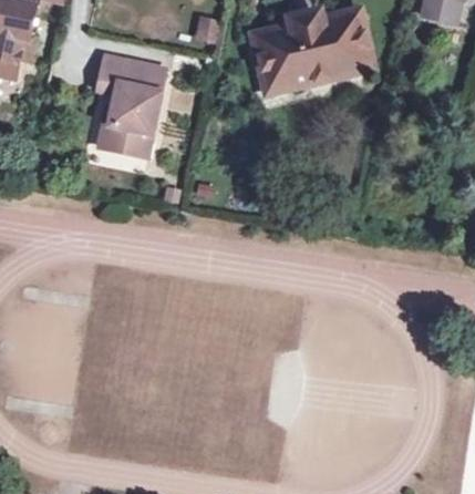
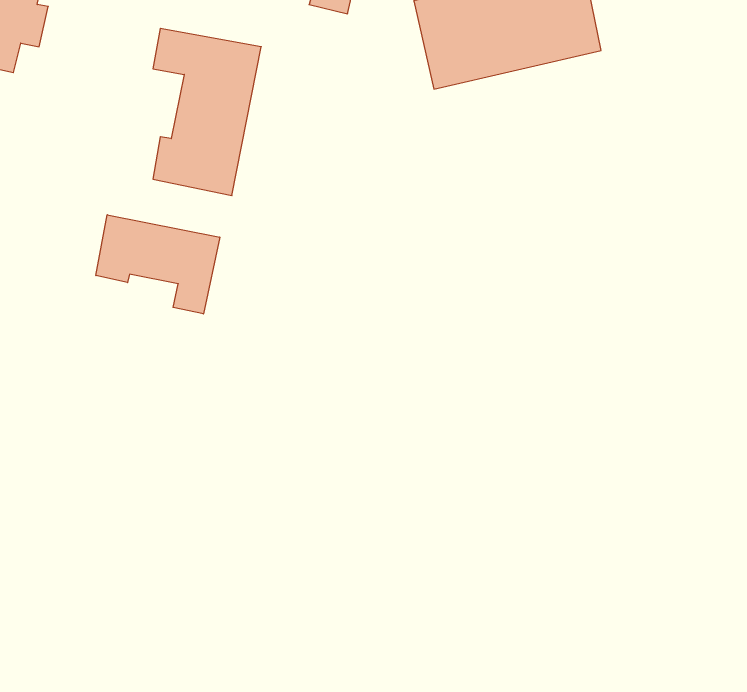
building: none -> [96,215,220,314]

